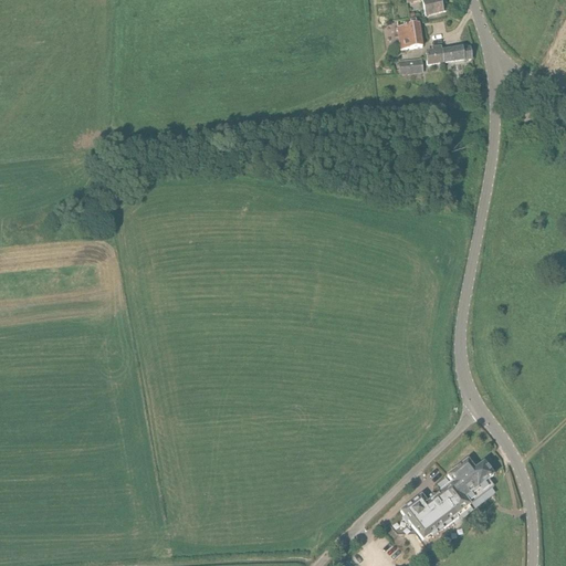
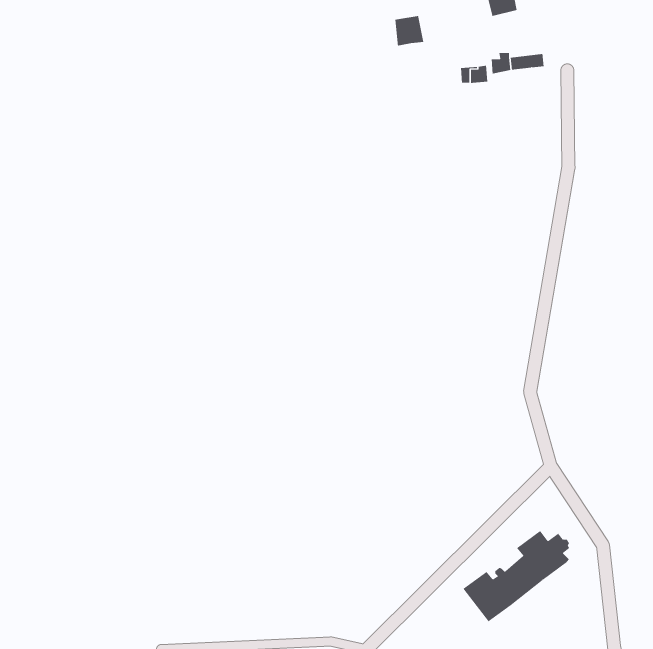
building: [397,22,422,49] -> [395,16,424,46]

